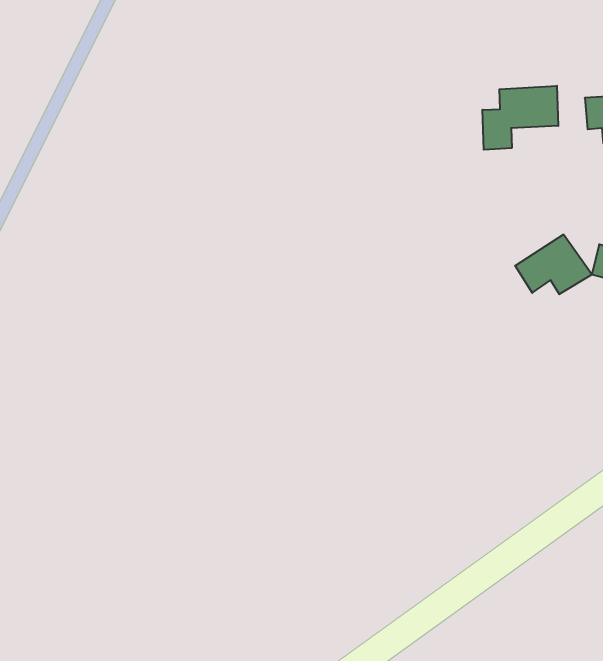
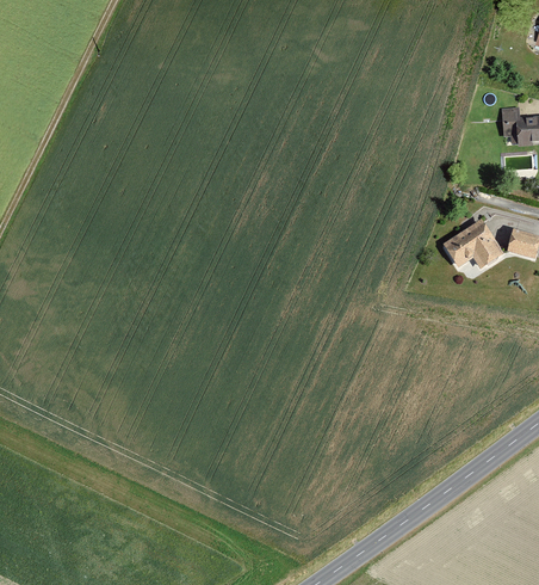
building: [482,86,558,150] -> none

